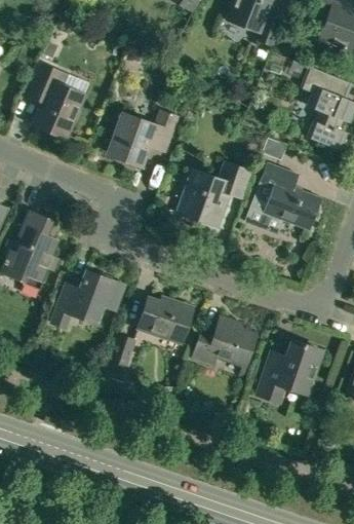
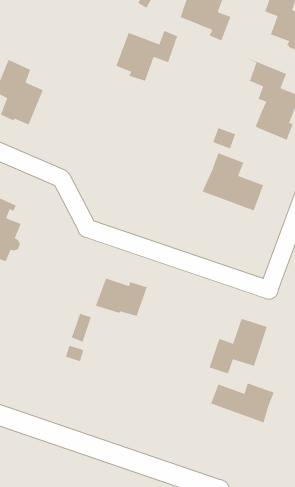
building: [109,112,176,167] -> [115,30,178,82]
building: [178,162,251,228] -> none
building: [51,270,124,329] -> none
building: [193,317,257,366] -> none
building: none -> [207,382,275,423]

